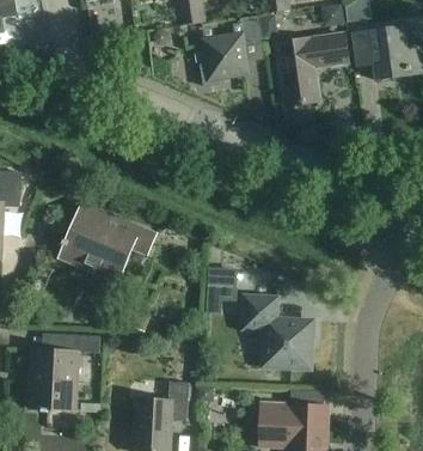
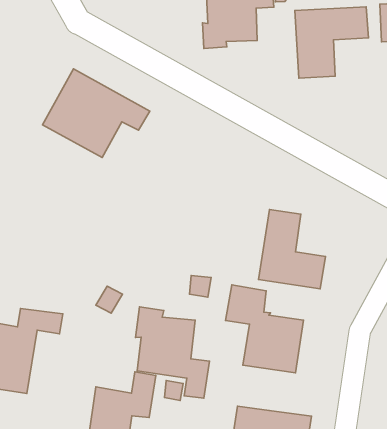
building: [62,202,157,279] -> [43,69,150,158]
building: none -> [259,209,326,289]
building: none -> [135,307,209,398]

